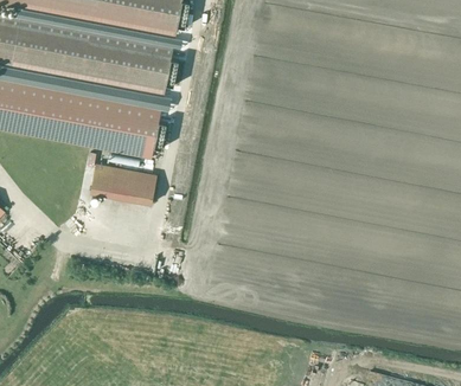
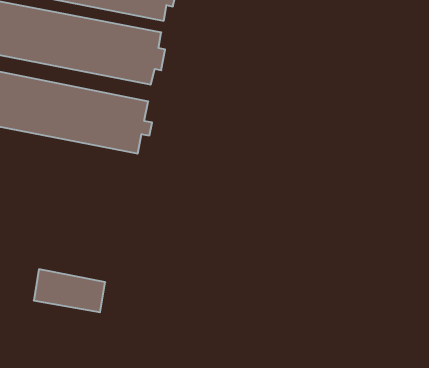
building: [90,162,155,201] -> [34,269,105,312]

